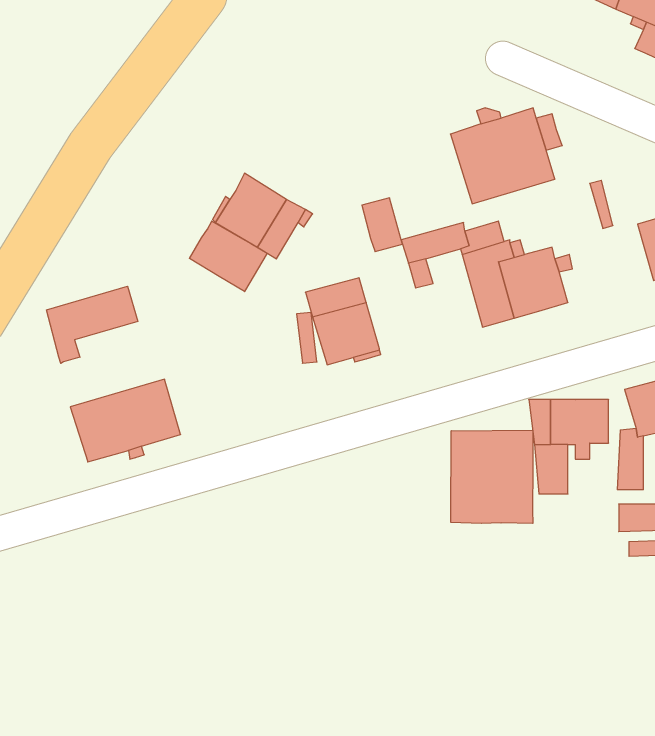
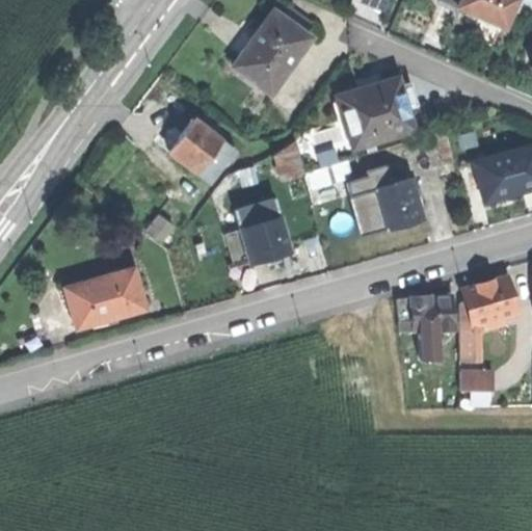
building: none -> [235,10,313,92]
building: [189,221,267,292] -> none
building: [46,286,138,363] -> none
building: [451,430,533,523] -> none

